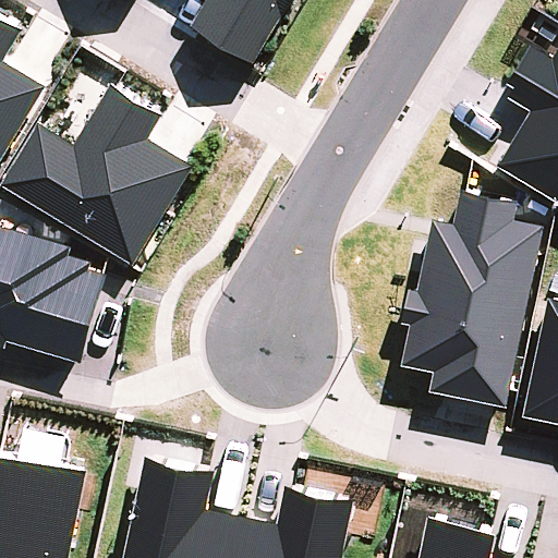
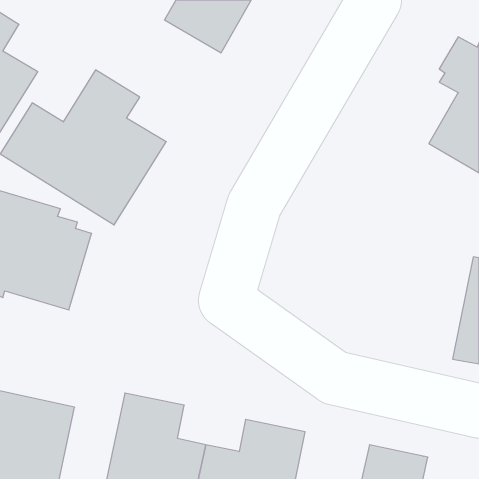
building: [400,192,541,408] -> none

